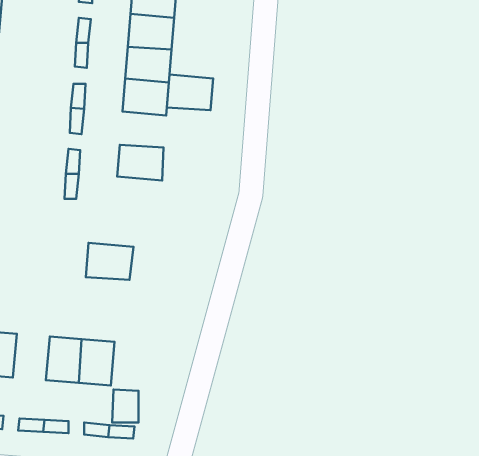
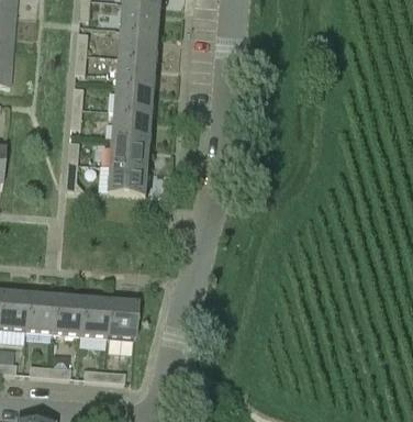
building: [167,74,213,110] -> [113,108,152,137]
building: [86,243,133,280] -> [109,162,148,192]
building: none -> [24,292,55,331]
building: none -> [105,299,136,337]

